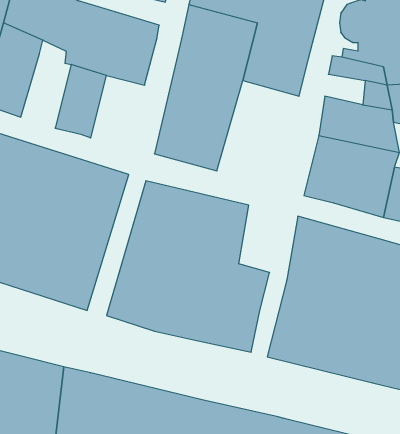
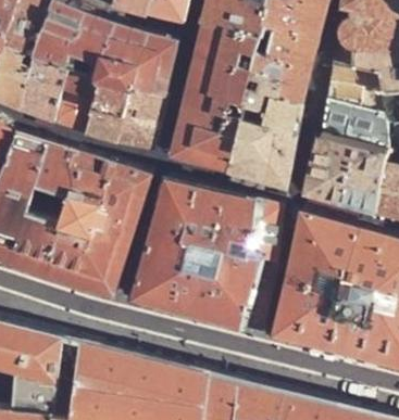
building: none -> [53,68,98,133]
building: none -> [115,87,163,151]
building: none -> [227,91,300,187]
building: none -> [247,202,280,262]

